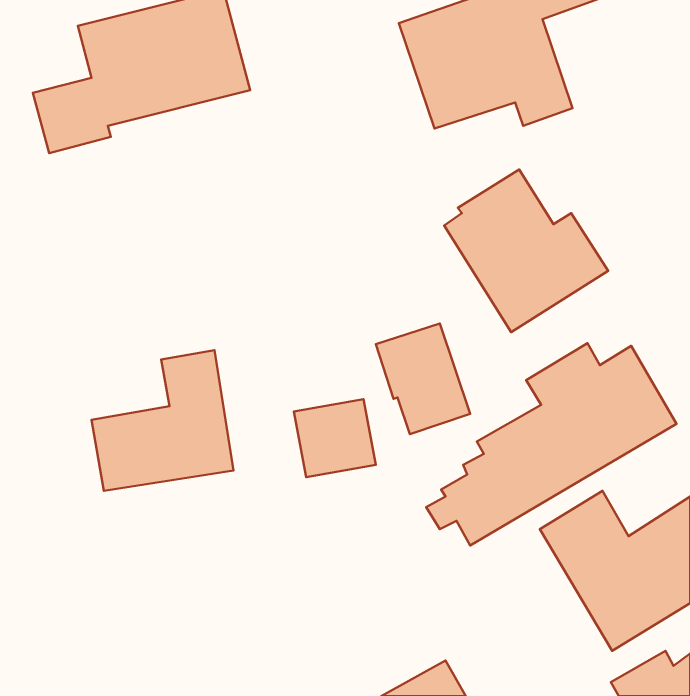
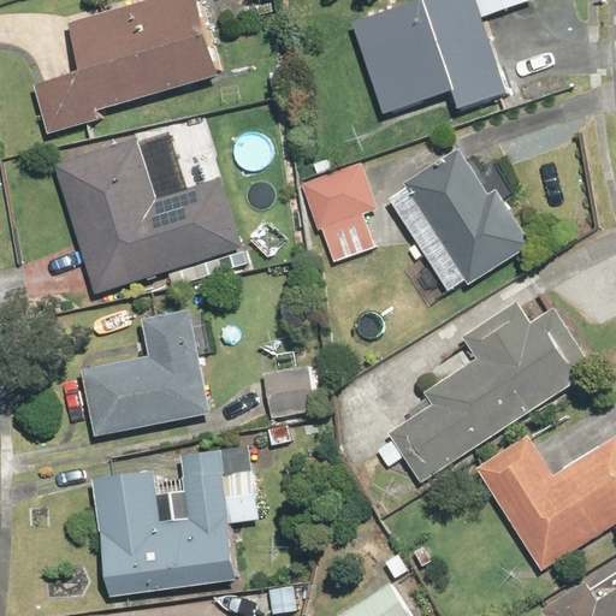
building: none -> [54,138,242,294]
building: [376,324,470,434] -> [302,164,385,261]
building: none -> [91,445,259,598]

